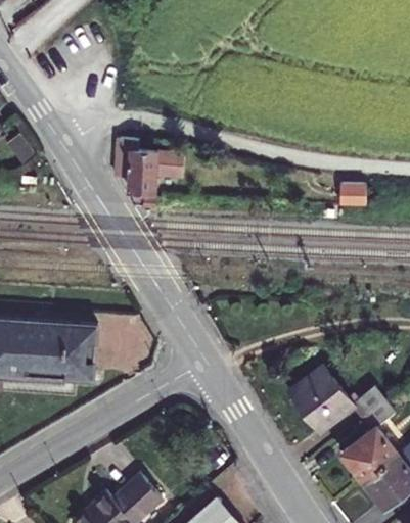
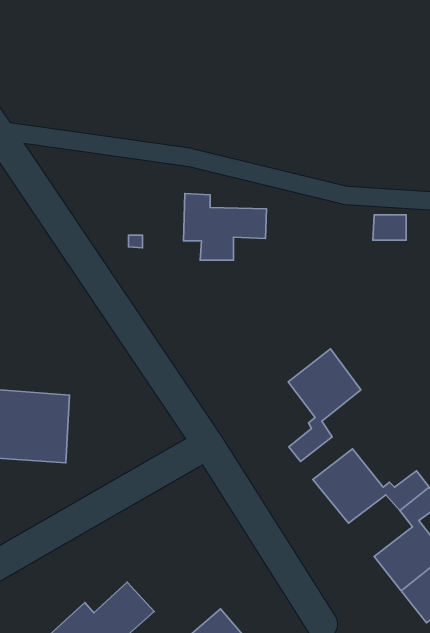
building: [115,141,181,194] -> [183,194,267,260]
building: none -> [288,349,361,462]

